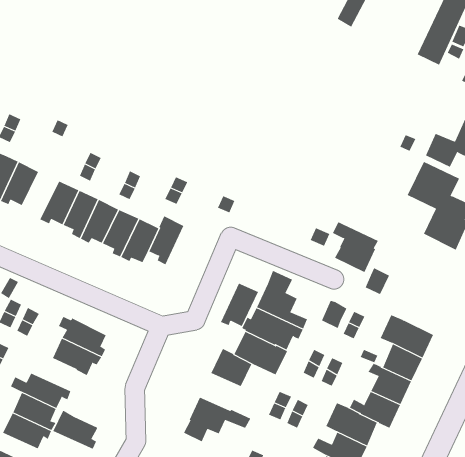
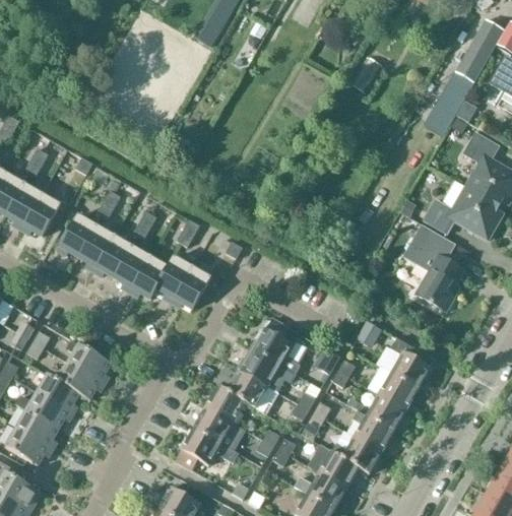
building: [332,221,379,273] -> [390,338,434,389]
building: [220,283,259,327] -> [172,267,210,309]
building: none -> [193,407,233,444]
building: [53,410,98,450] -> [37,374,79,413]

